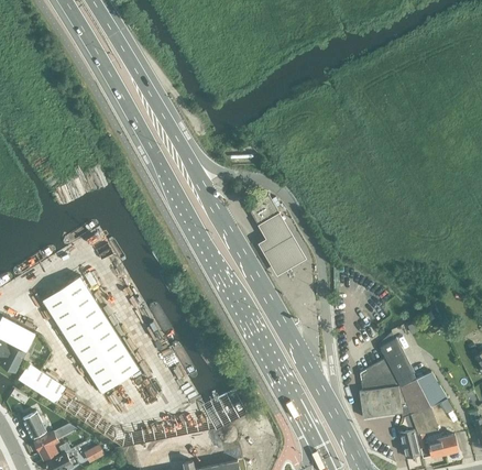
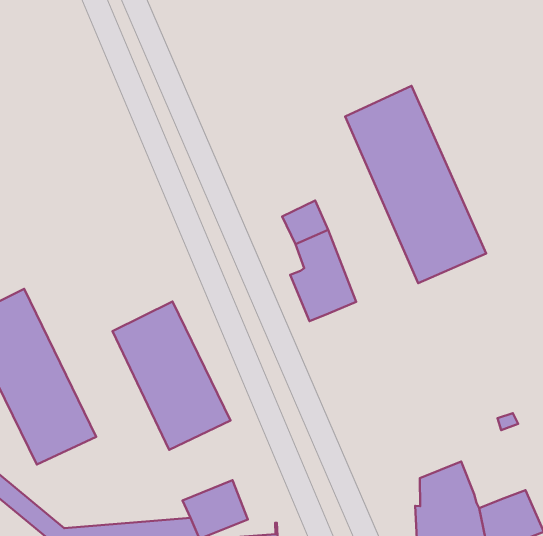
building: none -> [345,86,486,283]
building: none -> [113,301,230,450]
building: [379,334,416,389] -> none

